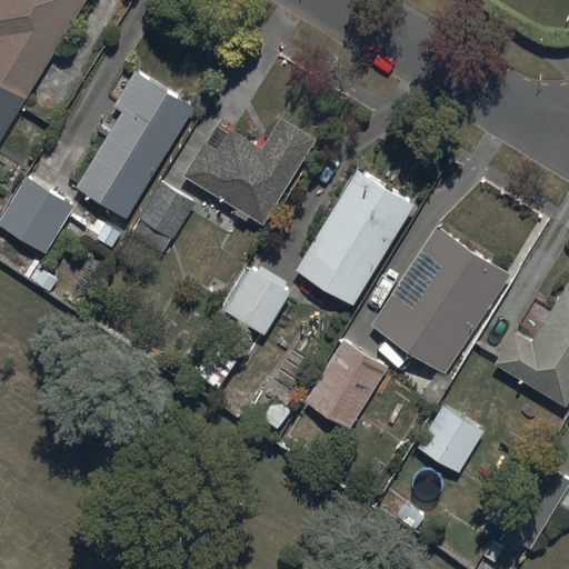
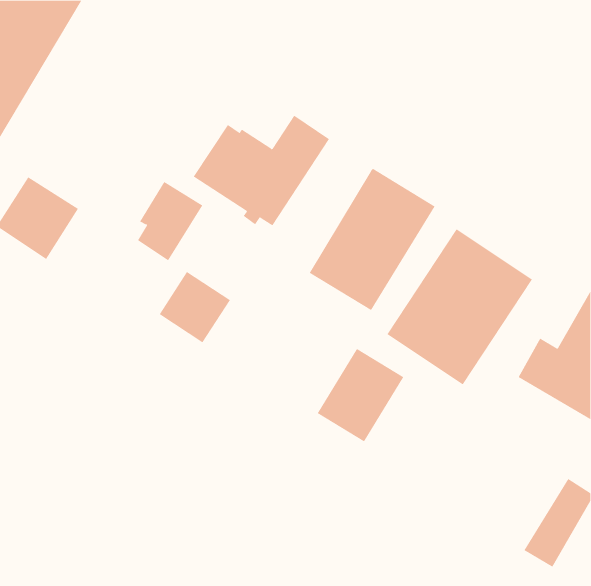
building: [74,73,193,219] -> none
building: [222,267,291,336] -> [159,271,231,343]
building: [416,407,483,475] -> none

